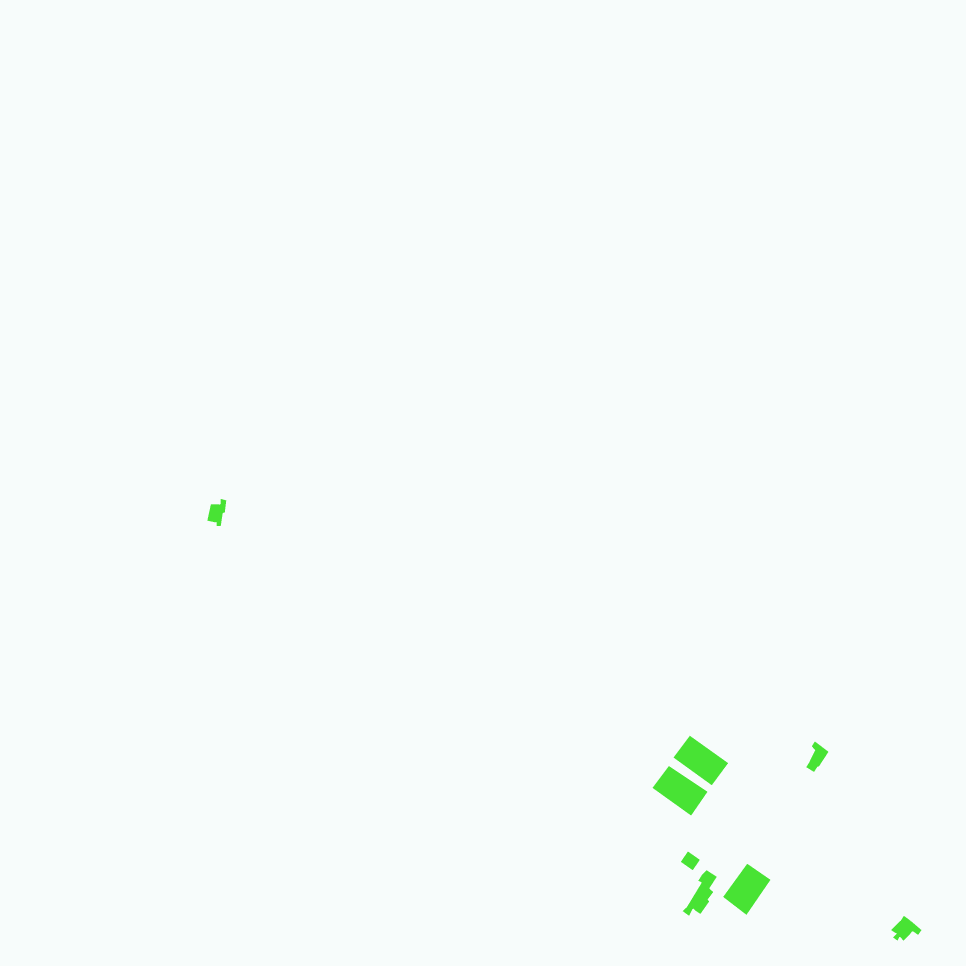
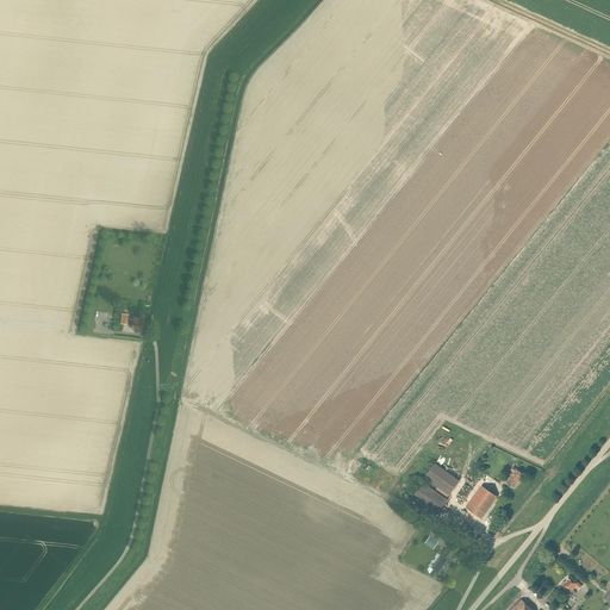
building: [722,863,772,916] -> [465,485,496,518]

